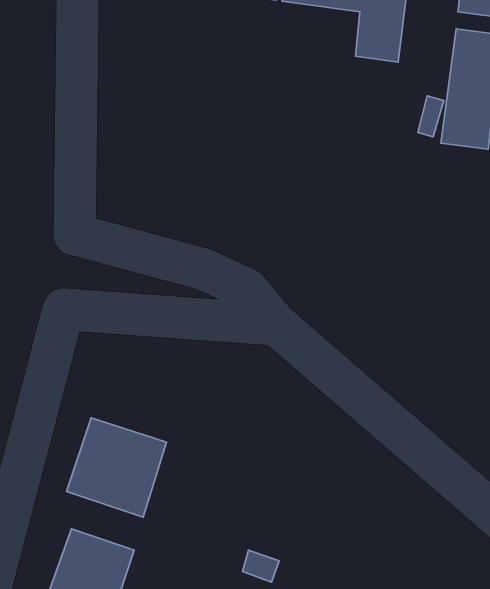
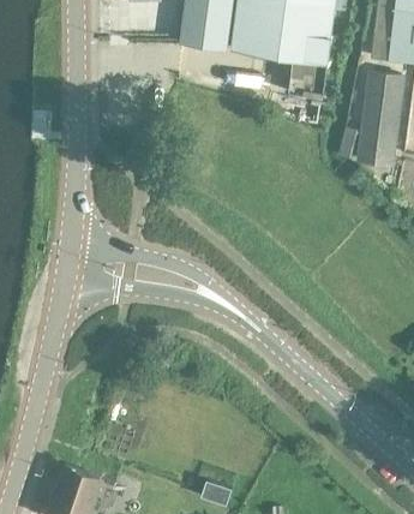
building: [67,418,166,517] -> none

